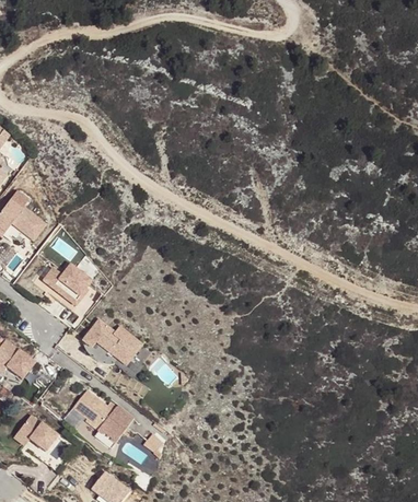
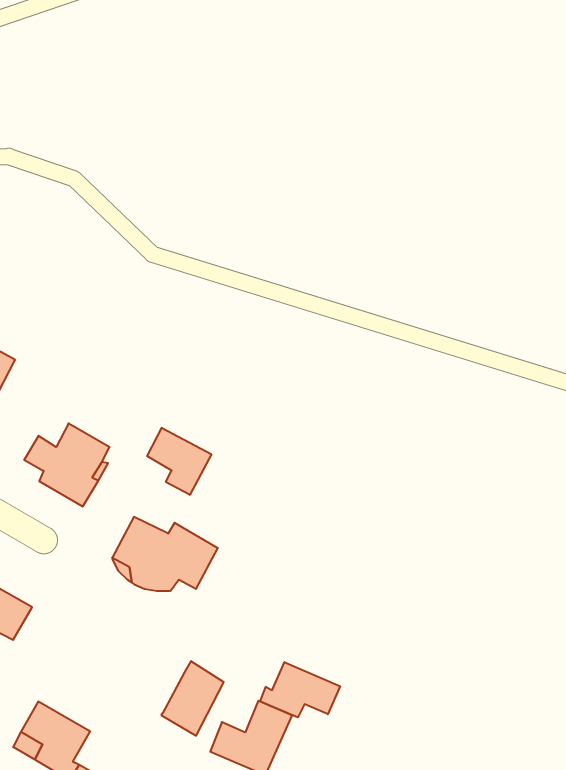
building: none -> [147,428,211,495]
building: [73,389,114,430] -> none
building: none -> [260,662,340,717]

